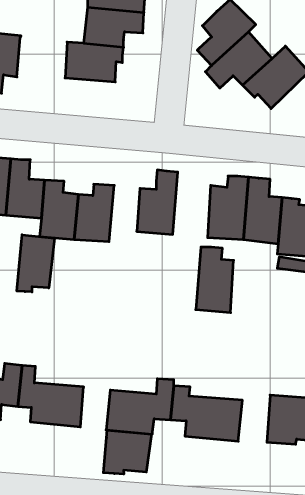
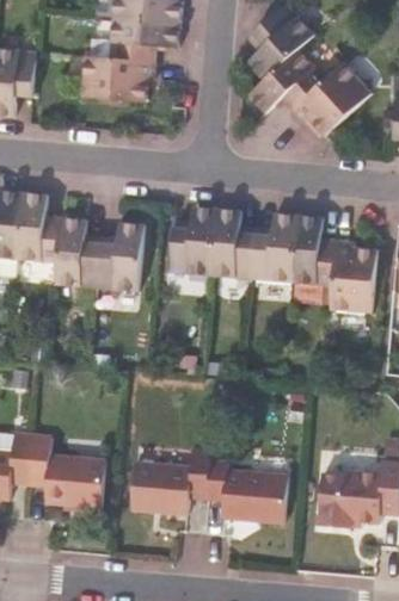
building: [17,235,55,292] -> none
building: [196,247,234,313] -> [209,209,253,285]
building: [103,430,151,474] -> none

